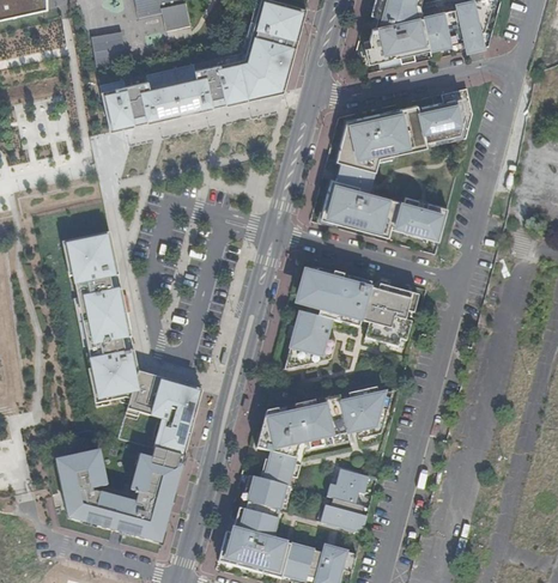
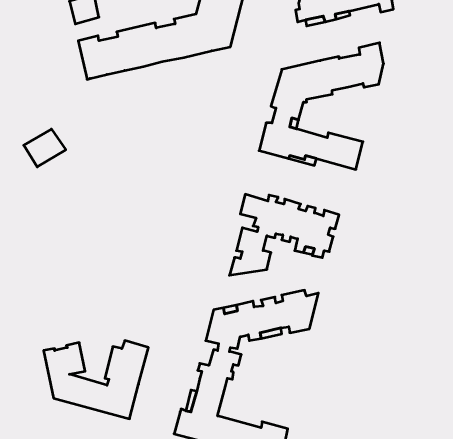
building: none -> [24,129,66,167]
building: [62,232,205,456] -> none
building: [319,469,368,533] -> none

